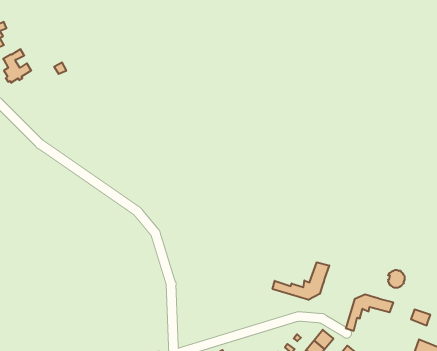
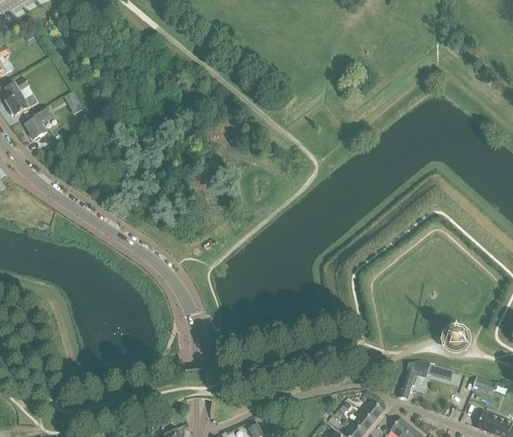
building: none -> [24,106,54,139]
building: [273,262,329,300] -> none

